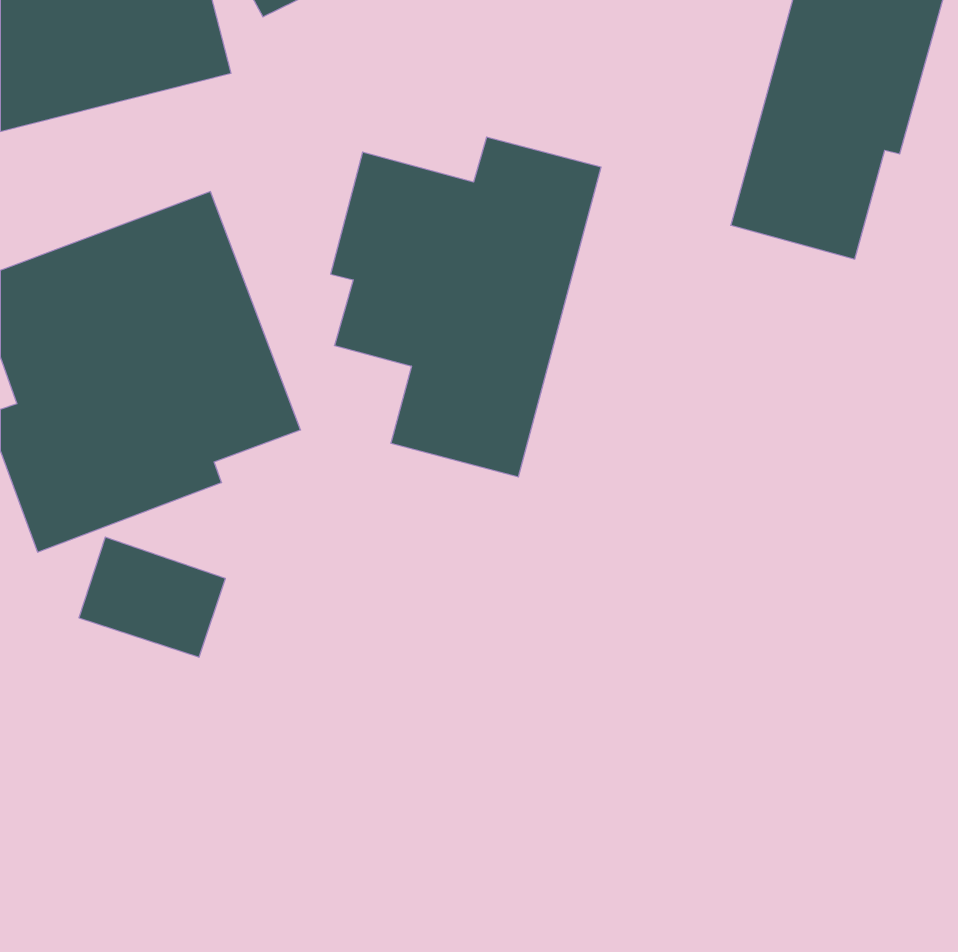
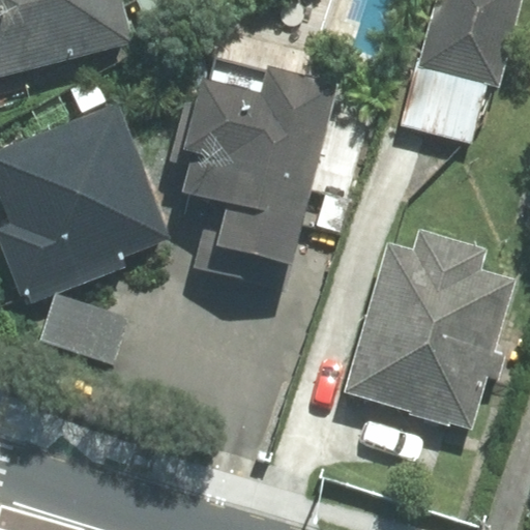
building: none -> [345,233,513,428]

